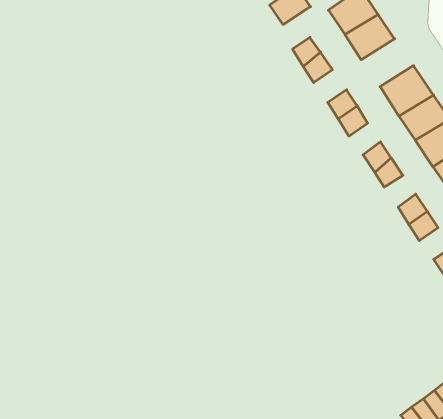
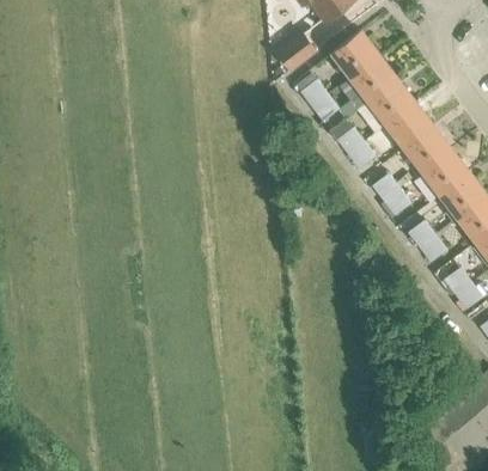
building: none -> [365,77,414,122]

